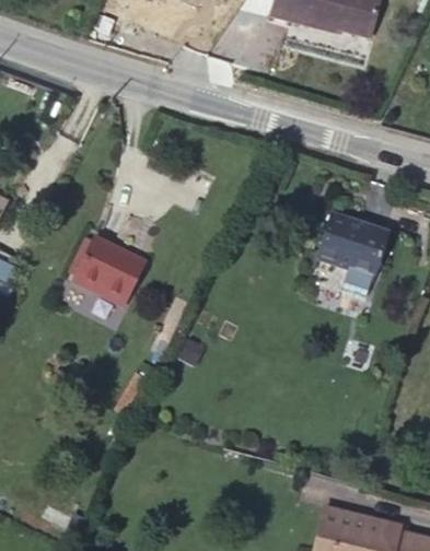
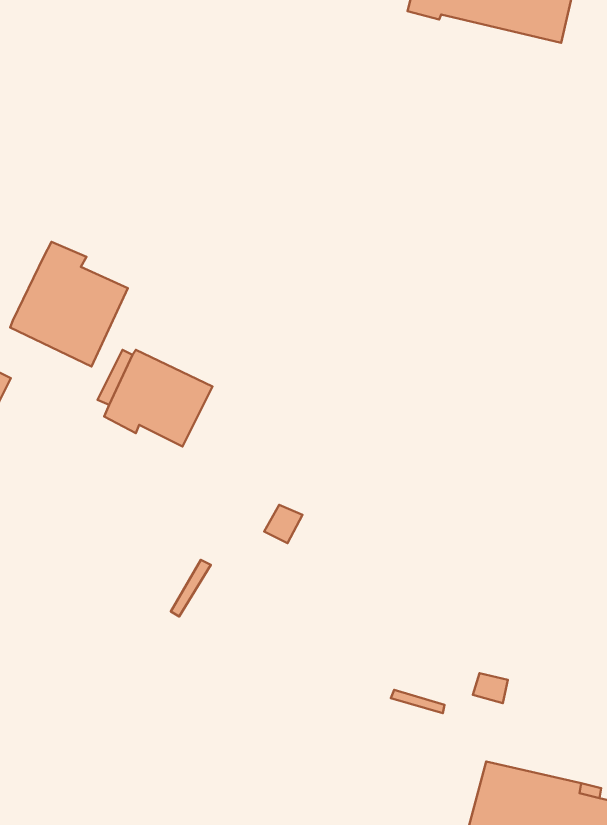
building: none -> [10,242,128,367]
building: [313,213,390,295] -> none

